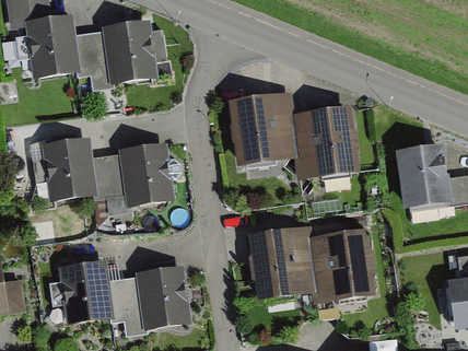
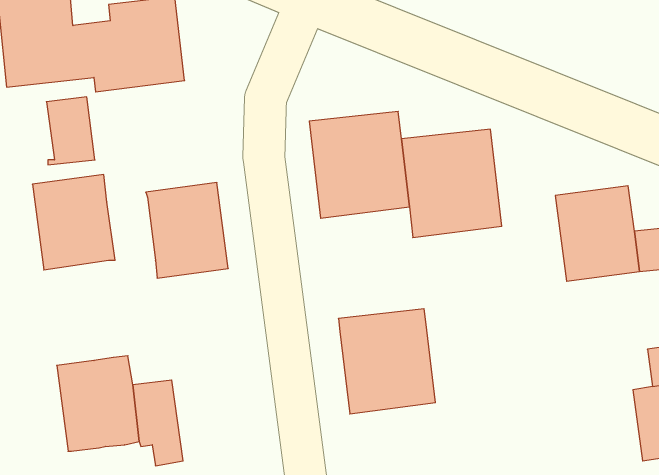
building: [93,153,126,199] -> [46,97,95,165]
building: [308,230,375,304] -> none
building: [137,266,191,331] -> none

